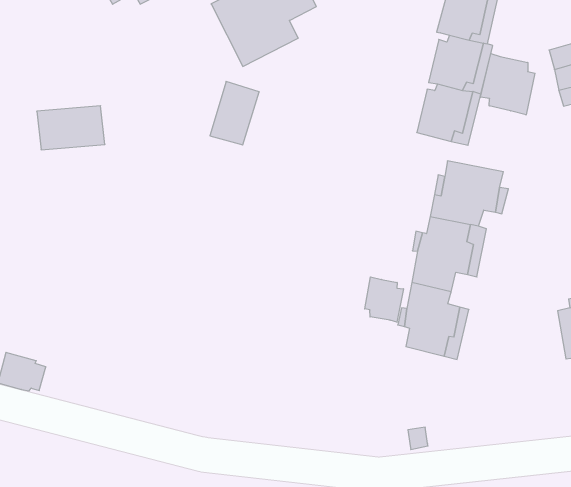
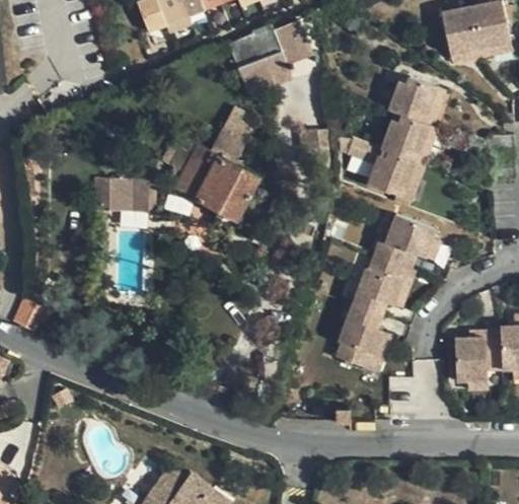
building: [481,53,535,115] -> none
building: [37,106,105,150] -> [92,179,145,214]
building: none -> [172,147,255,222]
building: [365,277,403,322] -> none

